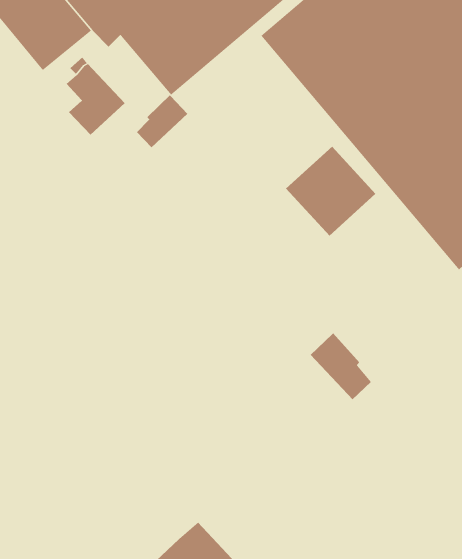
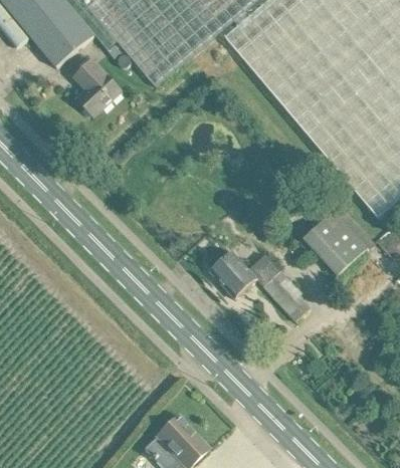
building: [136,94,188,148] -> none
building: [285,146,376,237] -> [305,205,375,275]
building: none -> [211,250,281,298]

